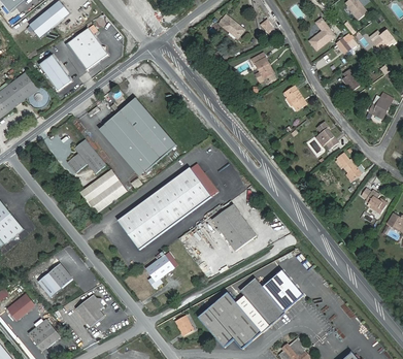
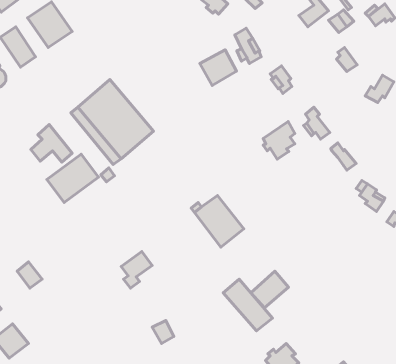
building: none -> [200,50,237,85]
building: none -> [263,122,295,159]
building: [117,162,217,248] -> none
building: [200,291,264,348] -> none
building: [78,292,107,326] -> none

